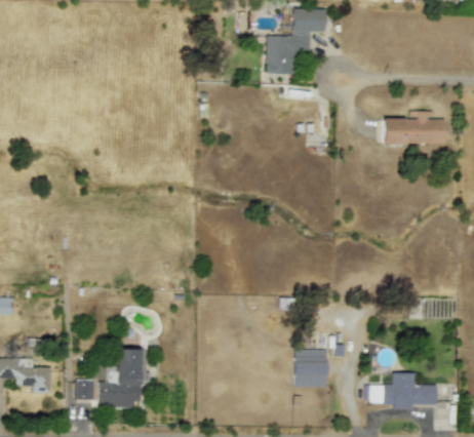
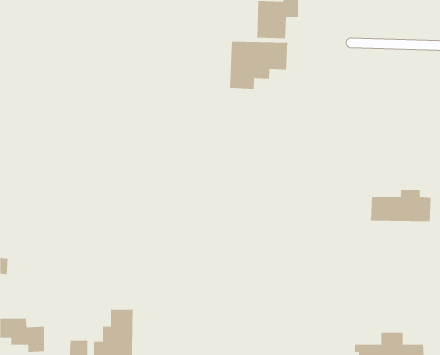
building: none -> [229,41,288,90]
building: [384,111,446,144] -> [370,189,432,222]
building: [295,350,328,387] -> none

